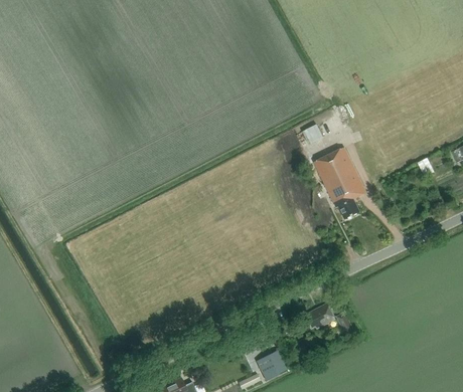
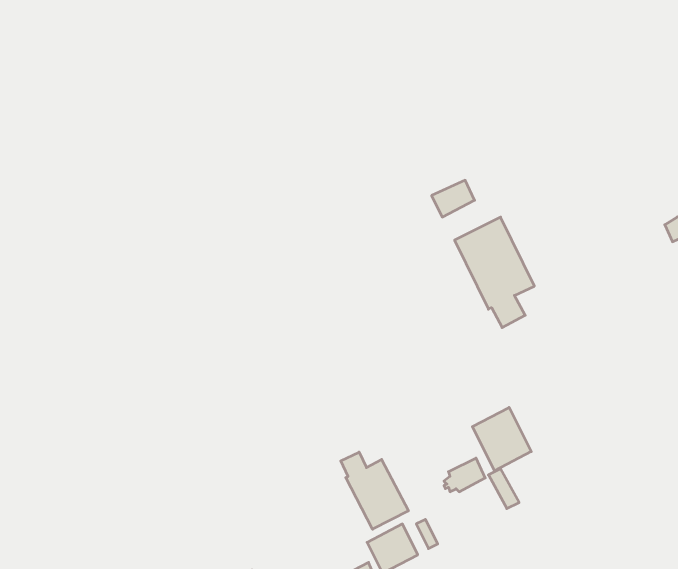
building: none -> [472,407,531,471]
building: none -> [341,452,408,529]

